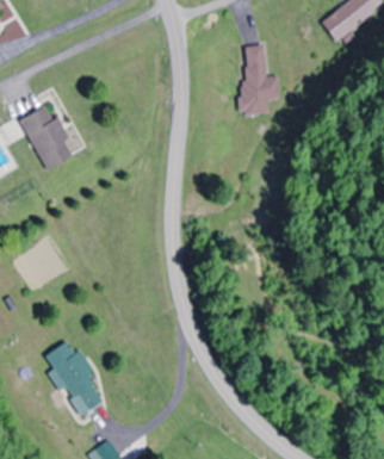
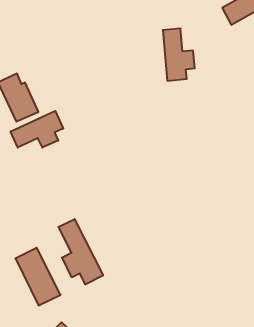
building: none -> [11,111,63,148]
building: none -> [58,219,103,284]

